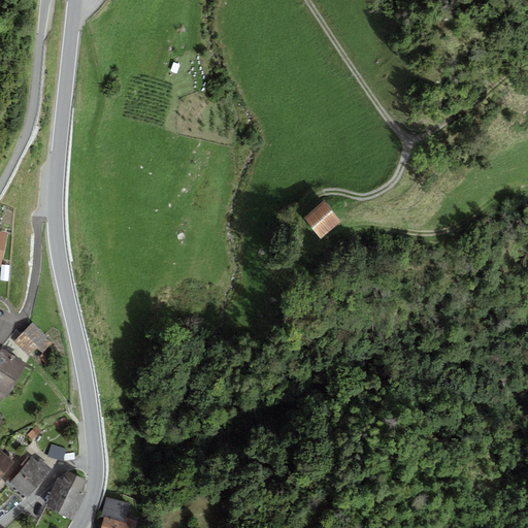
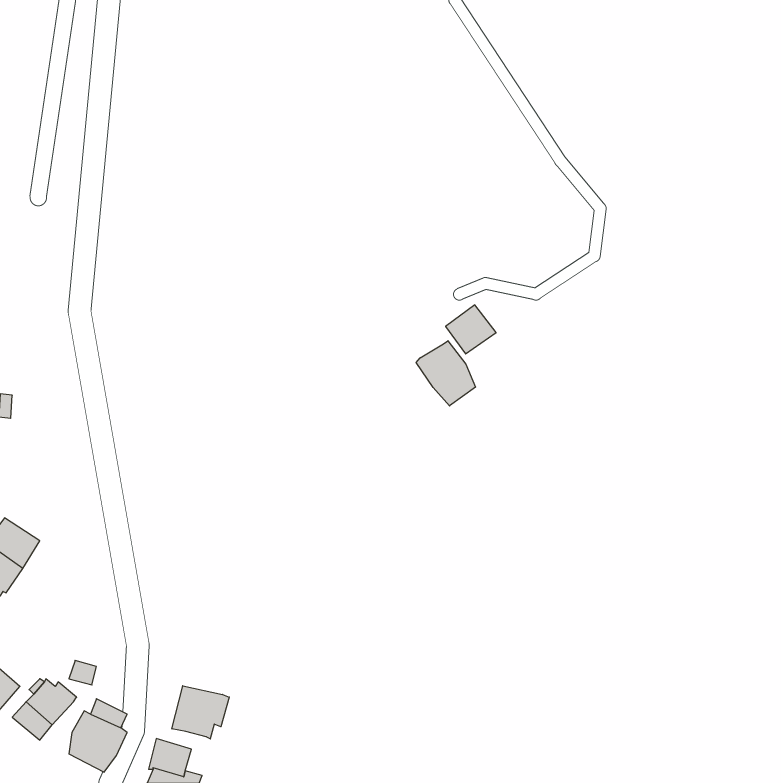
building: none -> [416,341,475,406]
building: [13,323,51,357] -> none
building: none -> [172,686,229,739]

